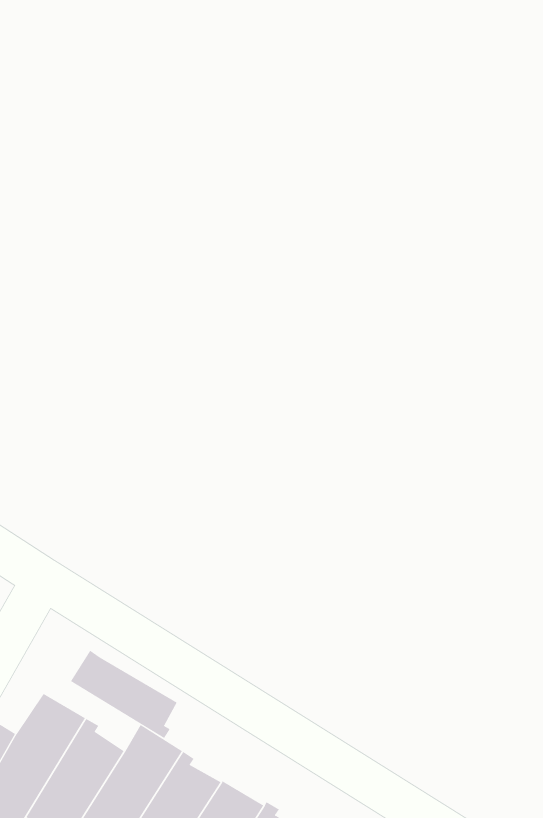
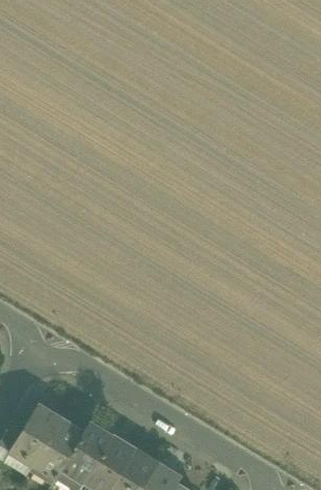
building: [70,650,177,739] -> none

